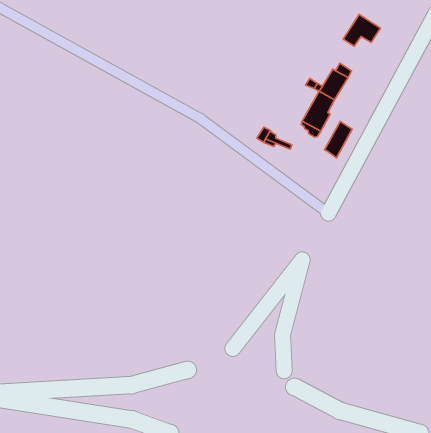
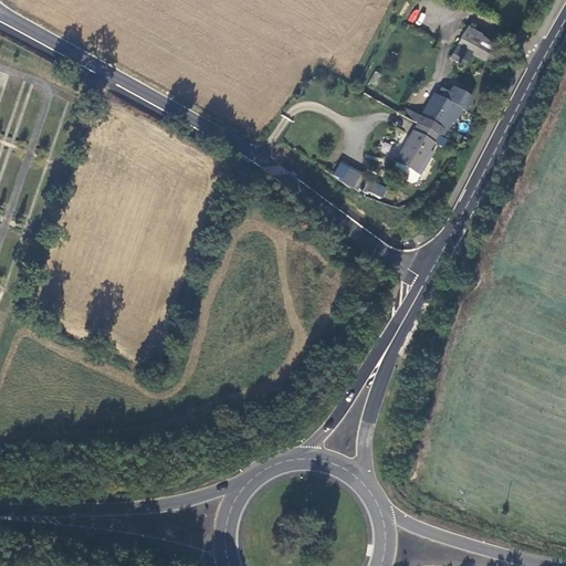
building: [324,121,352,158] -> none

